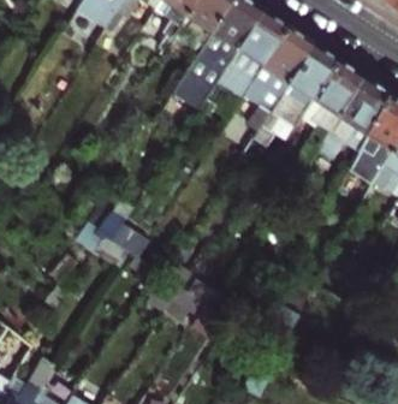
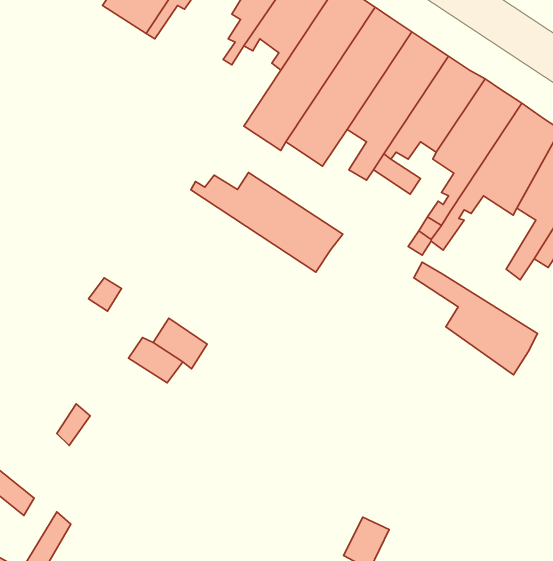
building: none -> [191,173,343,272]
building: none -> [414,262,538,375]

